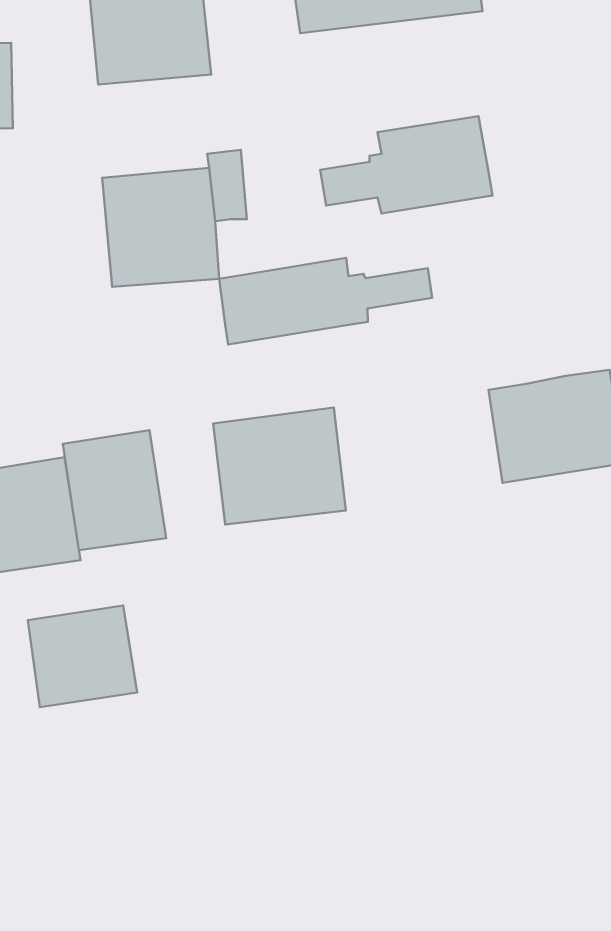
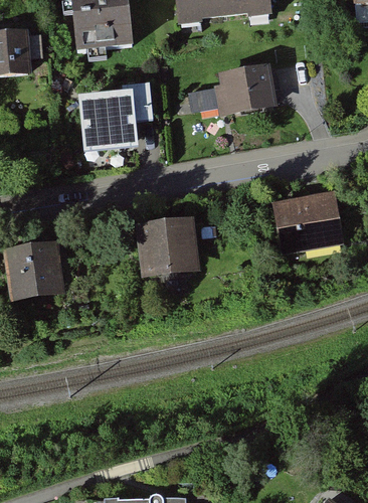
building: [219,258,432,344] -> none
building: [63,430,166,550] -> none
building: [28,606,137,707] -> none

